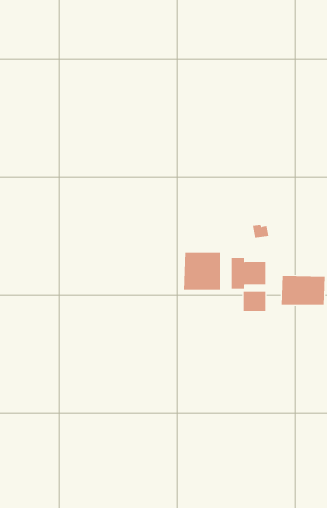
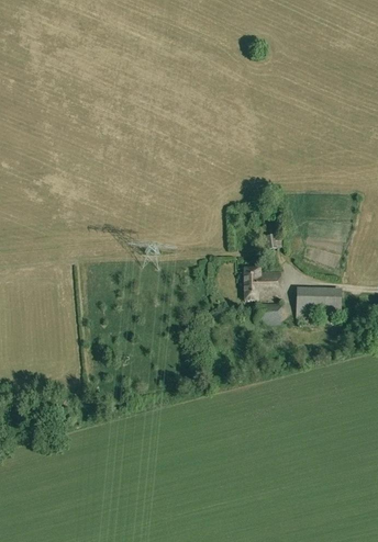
building: [184,252,221,291] -> none

